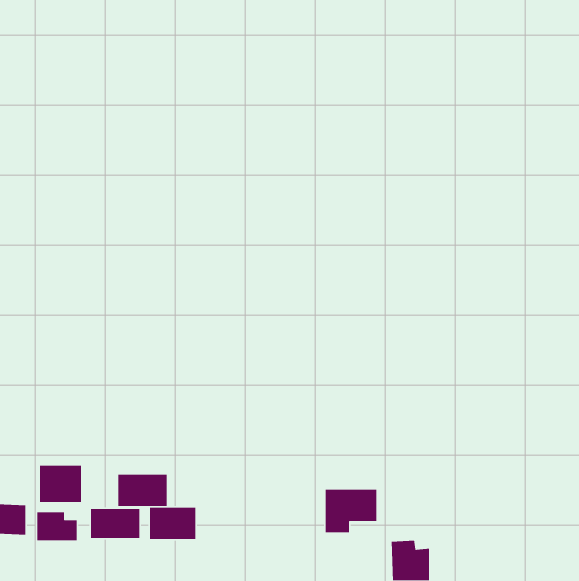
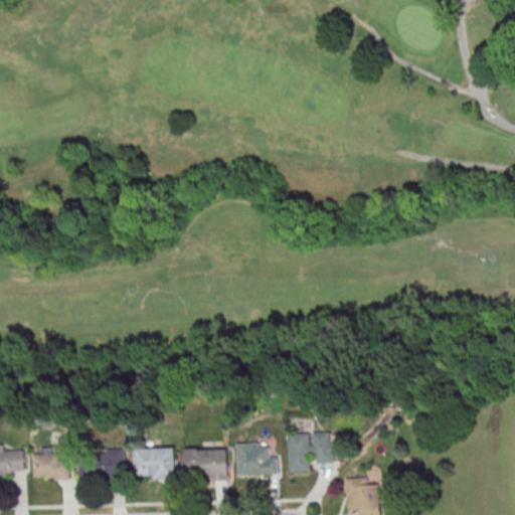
building: [39,465,82,503] -> none
building: [117,474,168,507] -> [182,449,226,478]
building: none -> [237,448,276,473]

